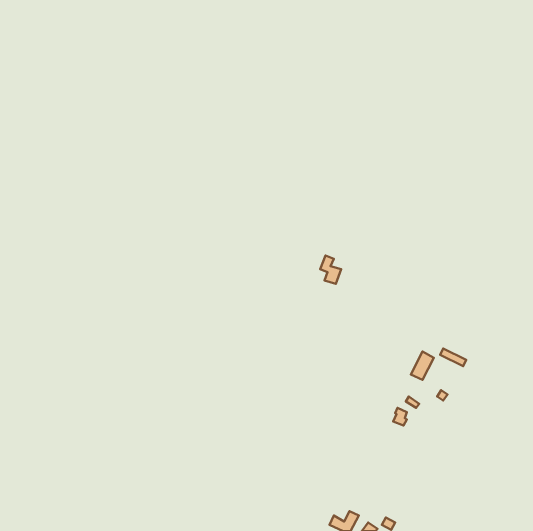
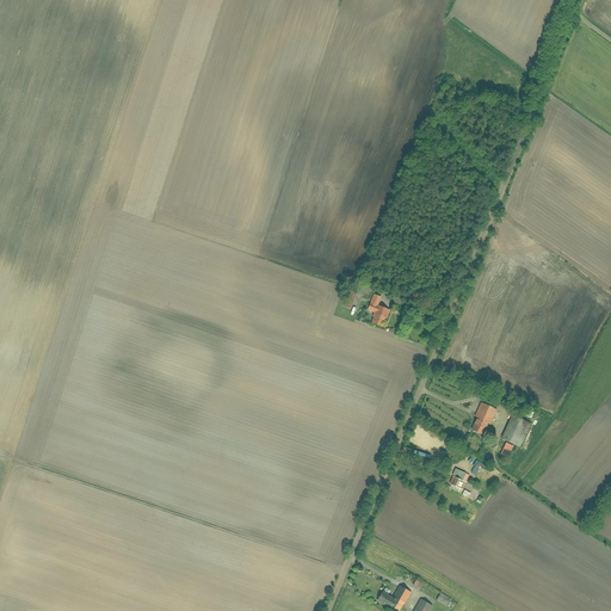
building: none -> [501,415,531,448]

